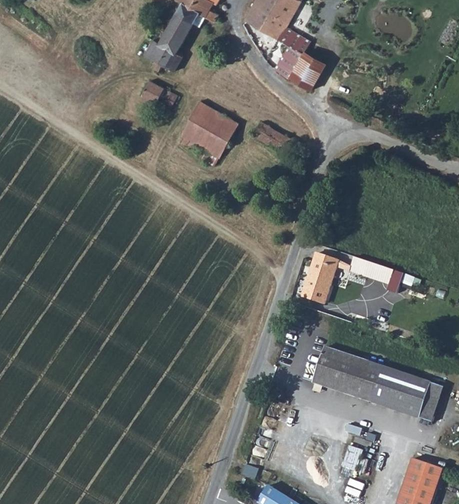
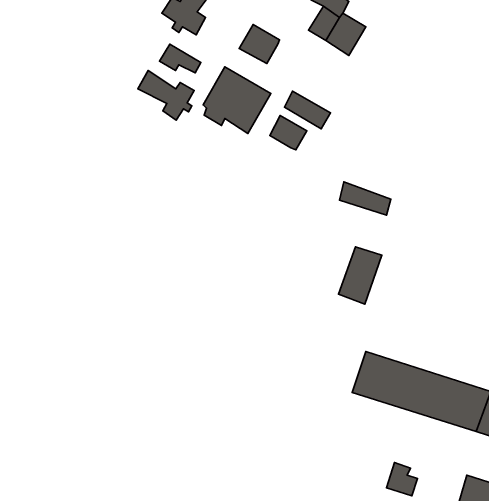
building: none -> [239,25,280,63]
building: none -> [138,70,194,120]
building: none -> [270,115,307,150]
building: [350,255,395,284] -> [339,182,391,215]

